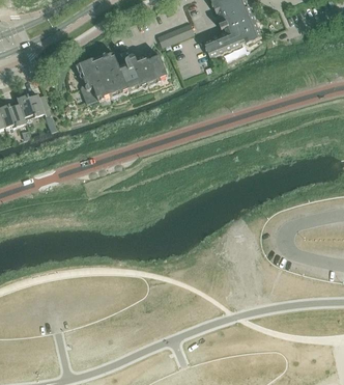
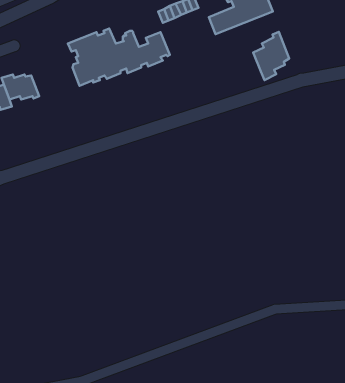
building: none -> [253,32,289,80]

